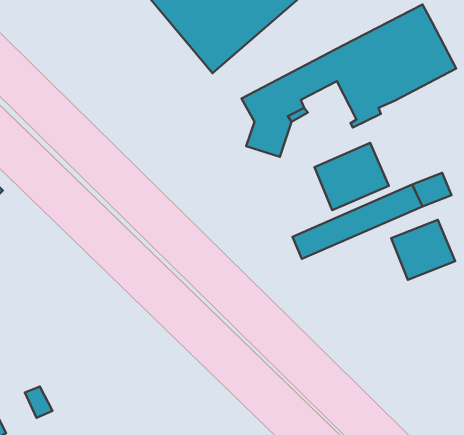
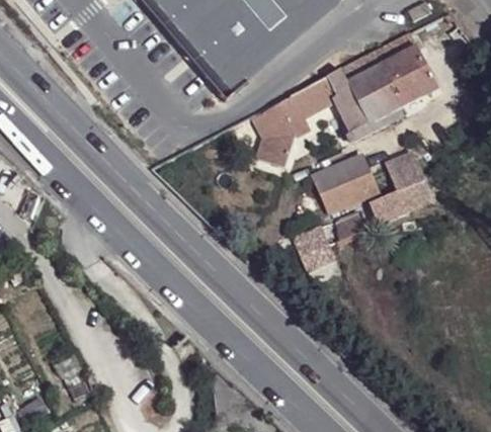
building: none -> [387,154,425,192]
building: [391,220,455,280] -> none

